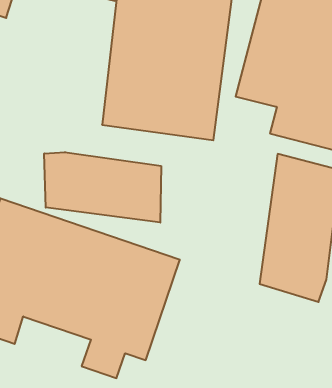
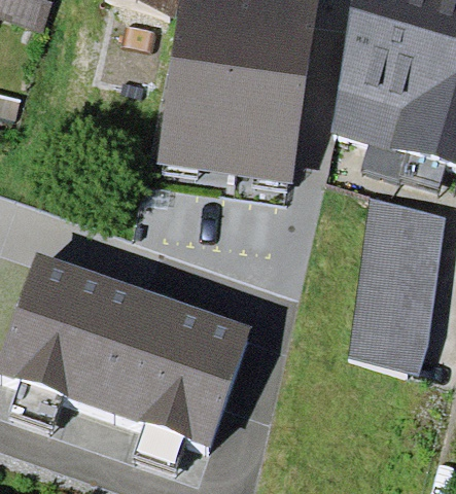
building: [44,152,161,223] -> none

